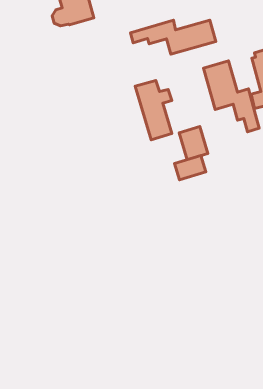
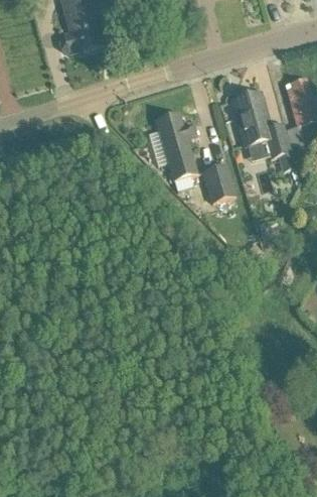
building: [130,20,216,54] -> none
building: [175,156,206,180] -> none

